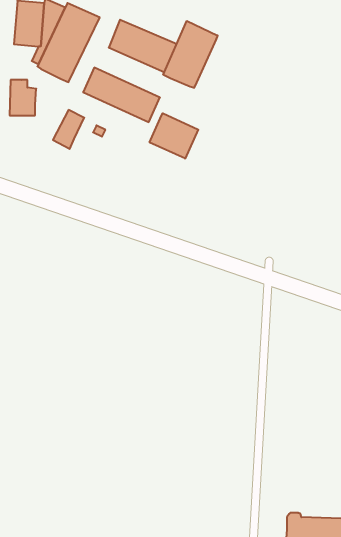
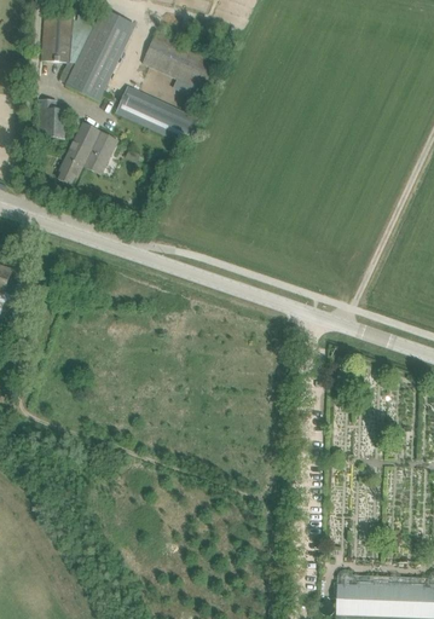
building: [163,21,218,88] -> none
building: none -> [58,123,99,184]
building: [150,113,198,159] -> none

